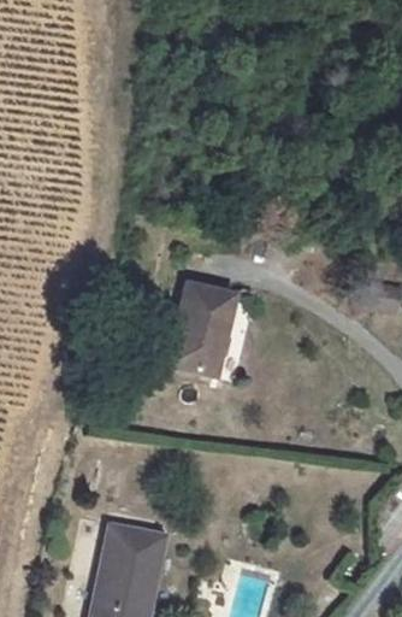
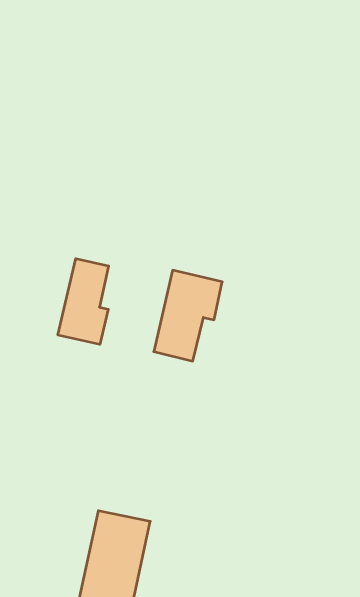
building: none -> [58,259,109,344]

